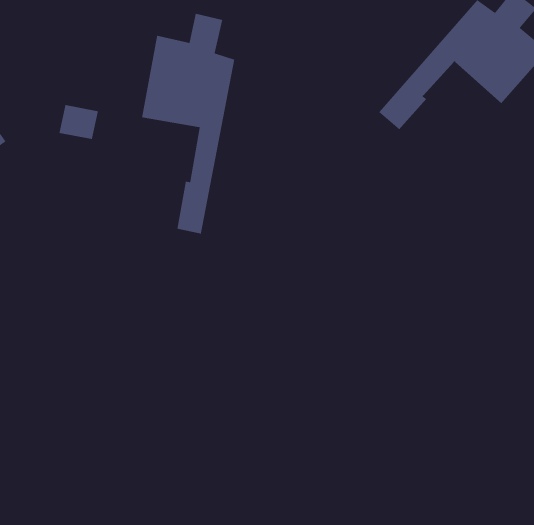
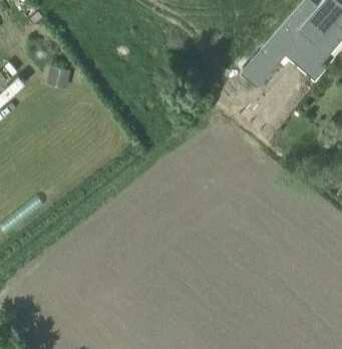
building: [141,13,235,235] -> none

